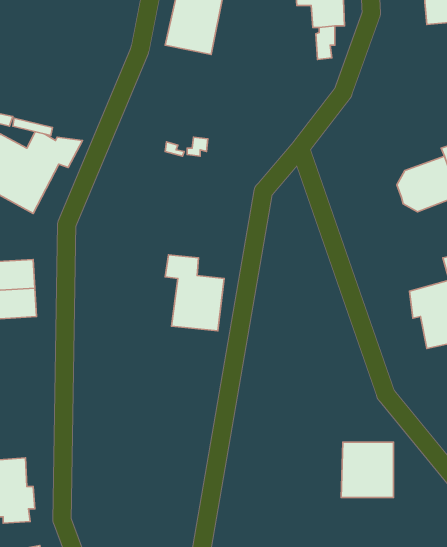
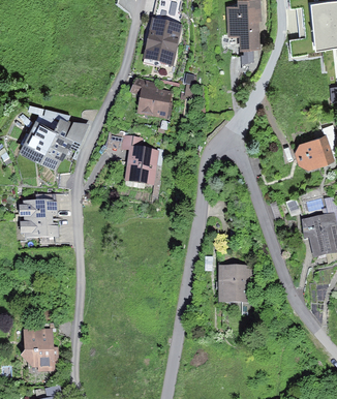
building: none -> [129,80,172,119]
building: [165,255,224,331] -> [120,135,158,185]
building: [341,442,394,498] -> [218,268,252,304]

